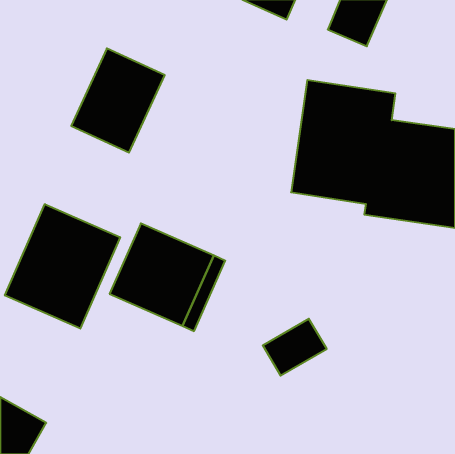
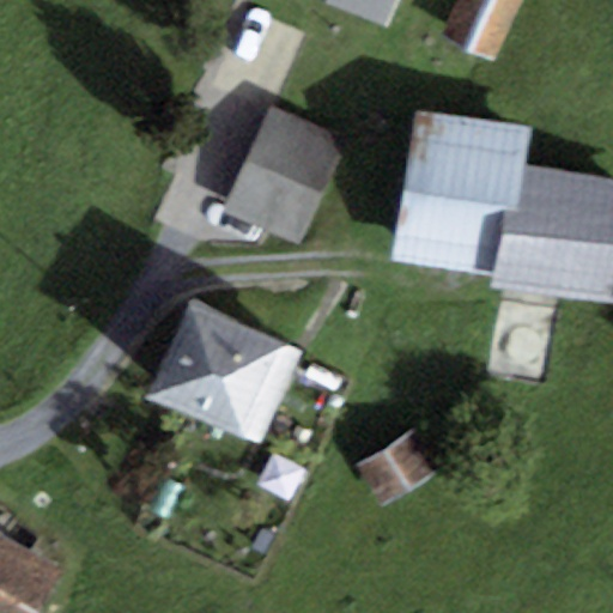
building: [71,48,165,153] -> [221,104,347,244]
building: [5,204,120,329] -> none

